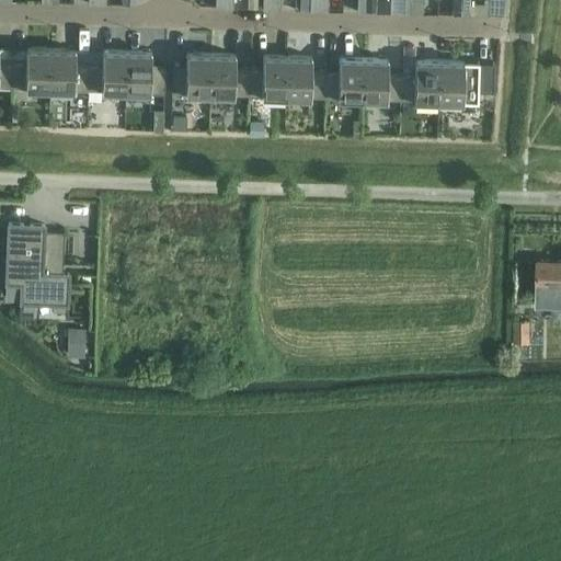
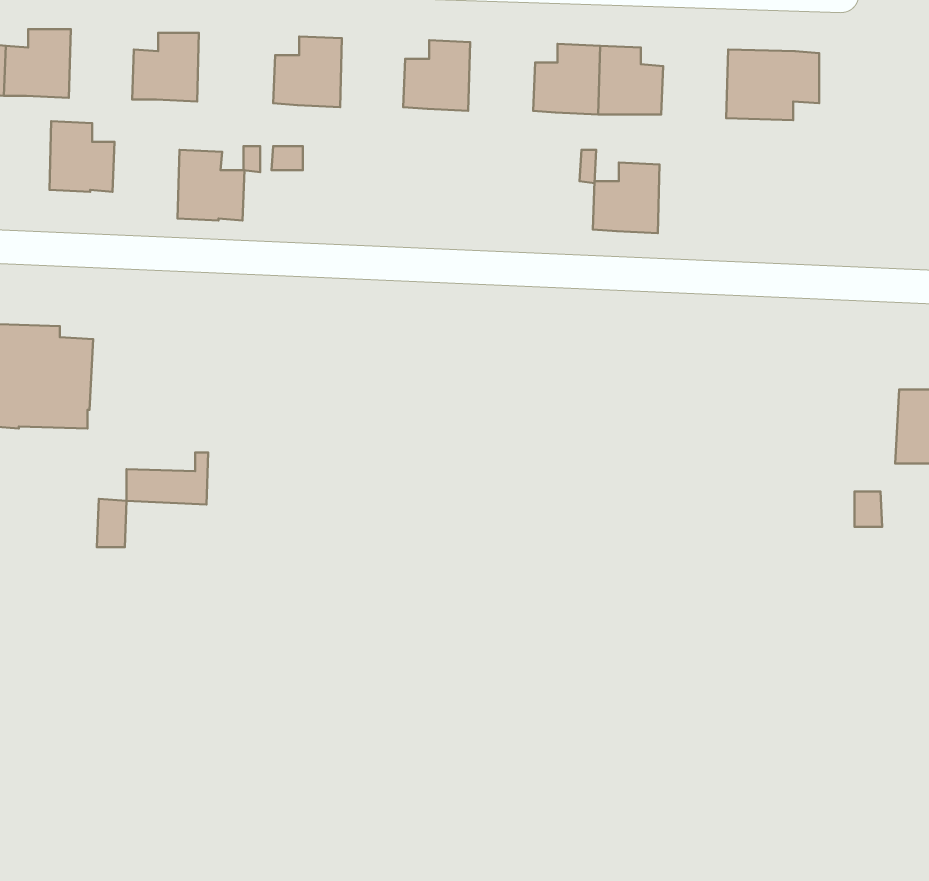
building: [49,51,88,93] -> [49,121,114,192]
building: [125,54,164,95] -> [178,150,245,220]
building: [209,57,248,98] -> none
building: [285,59,324,100] -> none
building: [399,62,438,104] -> [593,163,660,233]
building: [20,276,68,307] -> [127,452,208,504]

